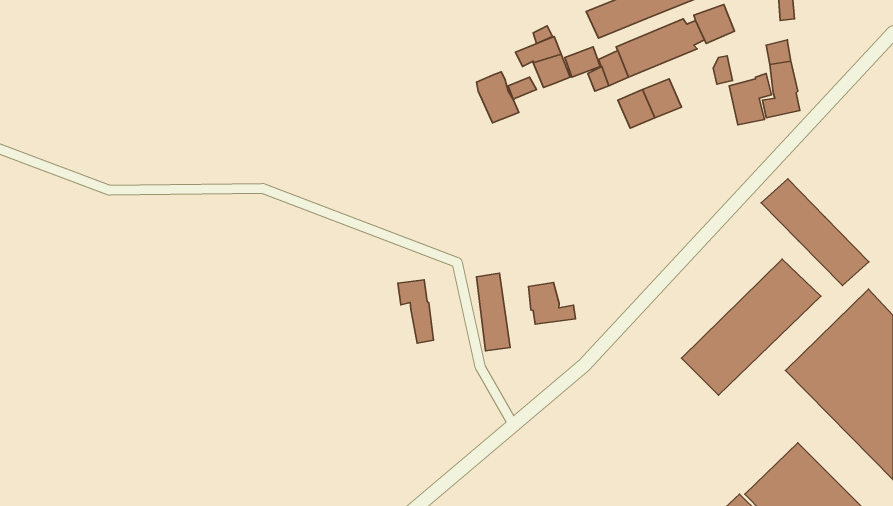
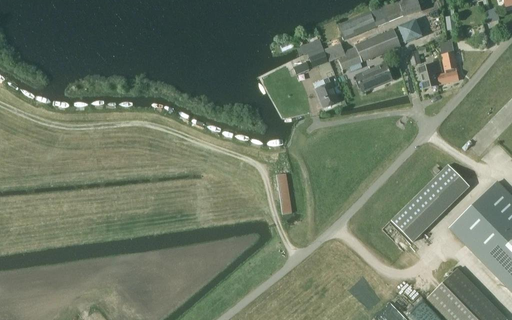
building: [477,72,519,123] -> [314,78,338,107]
building: [761,179,869,286] -> none
building: [398,280,433,343] -> none
building: [529,282,575,324] -> none

